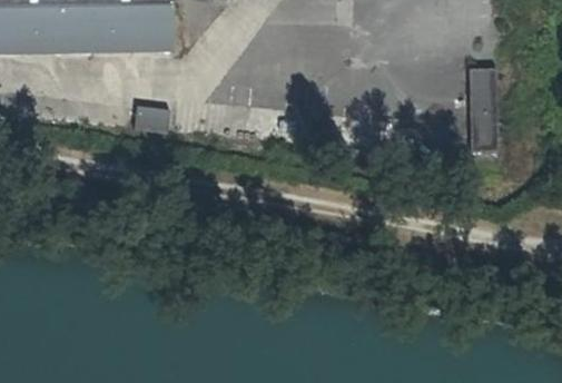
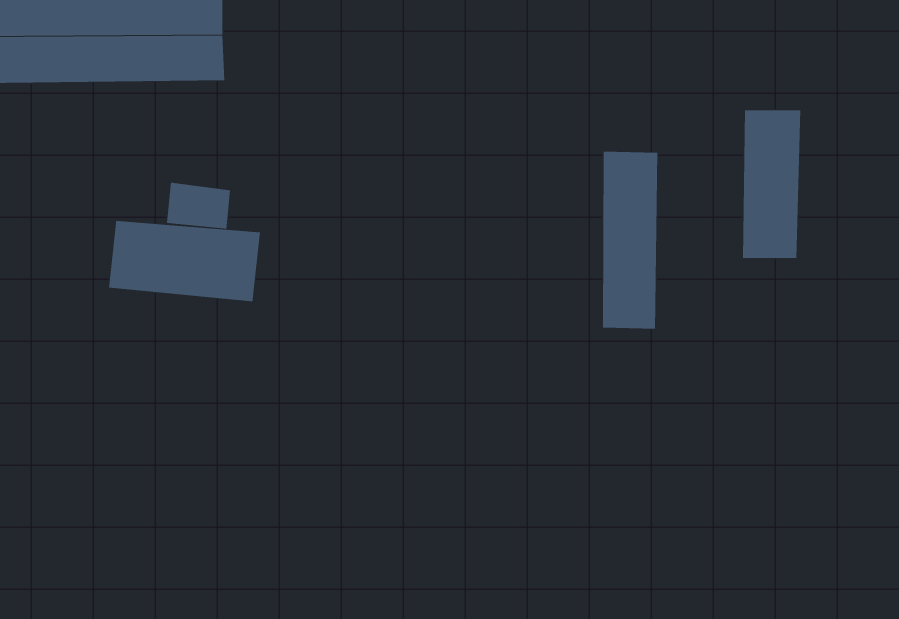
building: none -> [603,151,658,330]
building: none -> [109,220,260,302]

